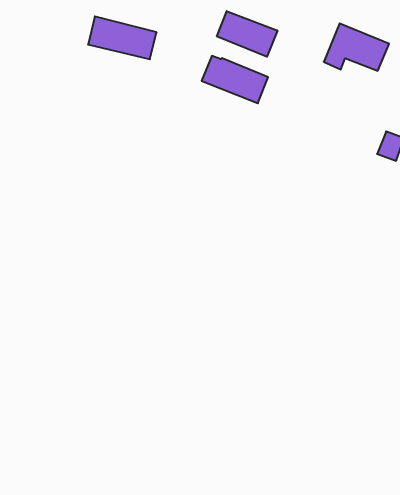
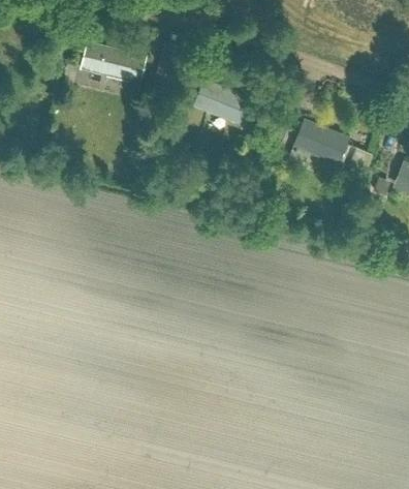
building: [217,11,277,57] -> none
building: [324,23,389,71] -> [289,119,349,162]

